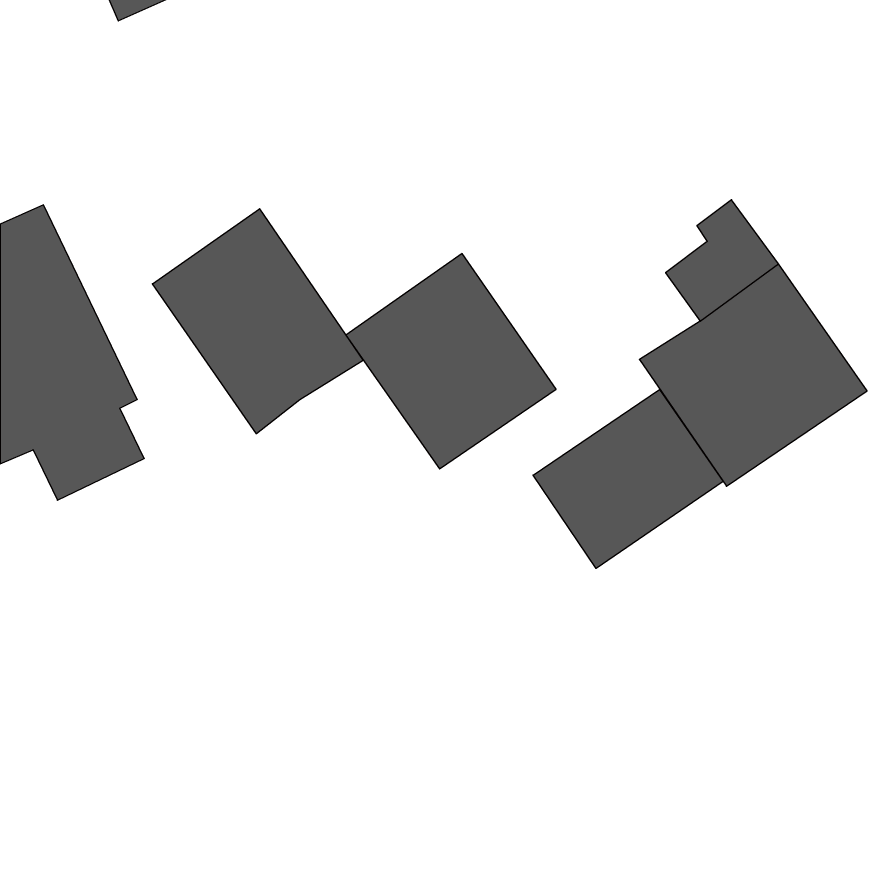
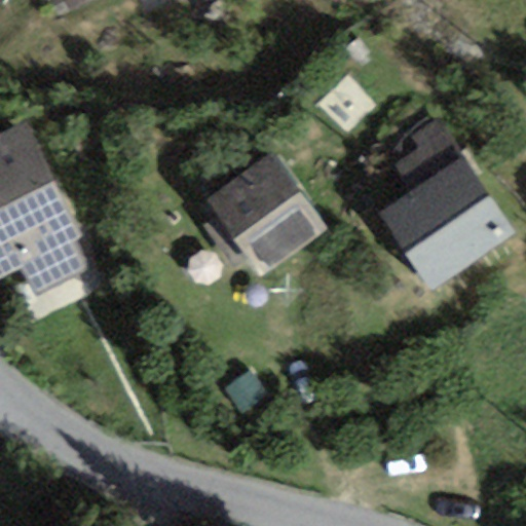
building: [152,209,363,434] -> none
building: [533,390,723,568] -> none

